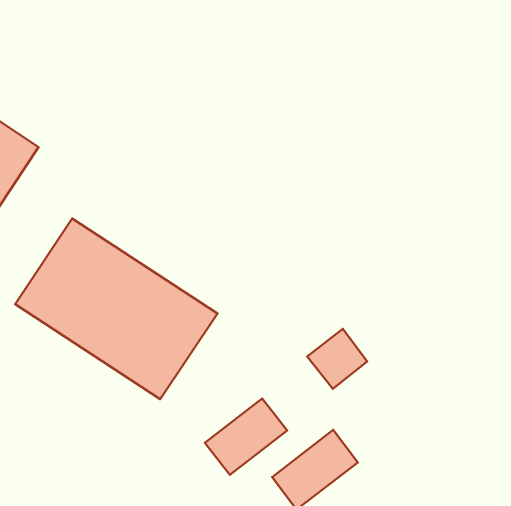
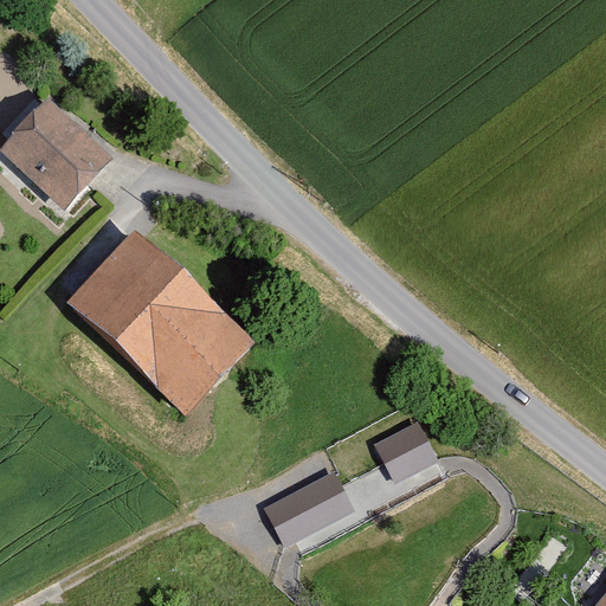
building: [307,329,367,389] -> [388,420,444,475]
building: [205,399,287,475] -> none

